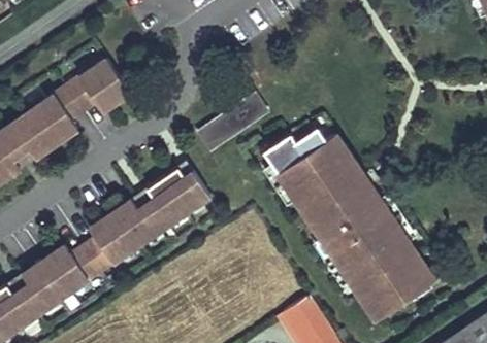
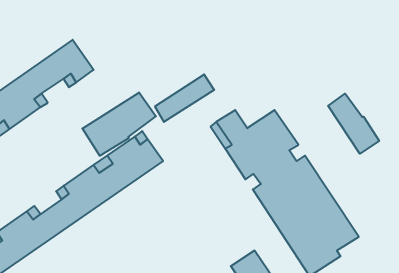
building: none -> [82,92,156,156]
building: none -> [328,94,379,154]

